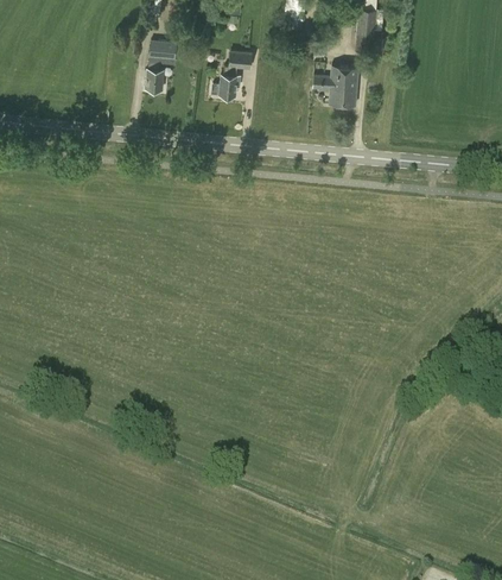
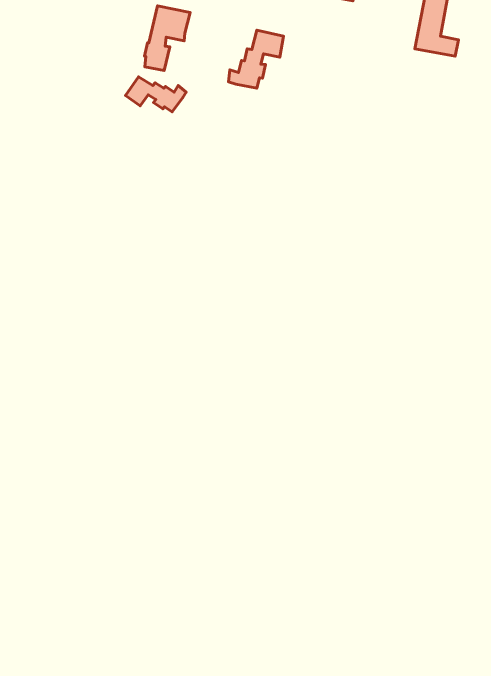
building: [313,68,358,107] -> none
building: none -> [126,77,186,112]

